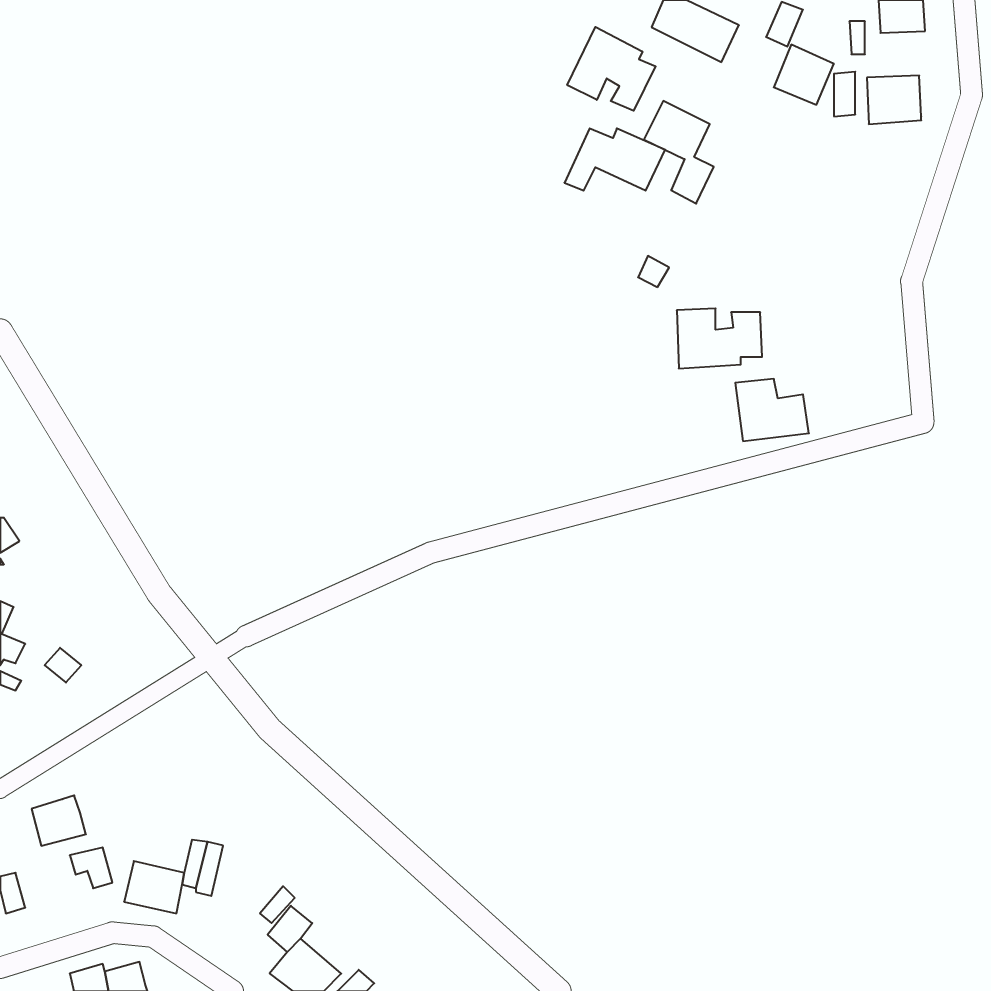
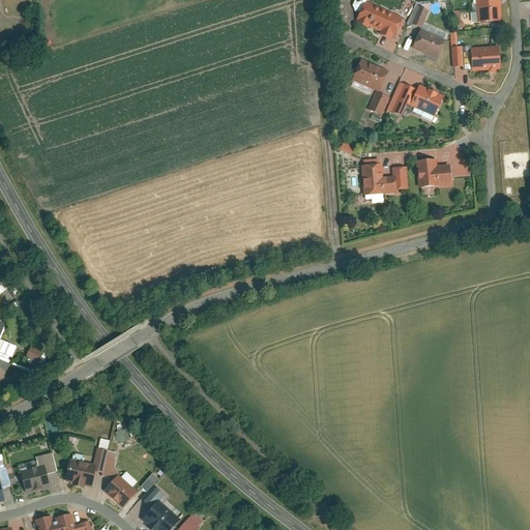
building: [567,27,656,111] -> none
building: [564,128,665,191] -> [384,77,438,110]
building: [735,379,809,441] -> [413,159,452,193]
building: [32,795,86,846] -> [24,465,53,492]
building: none -> [106,475,140,509]

